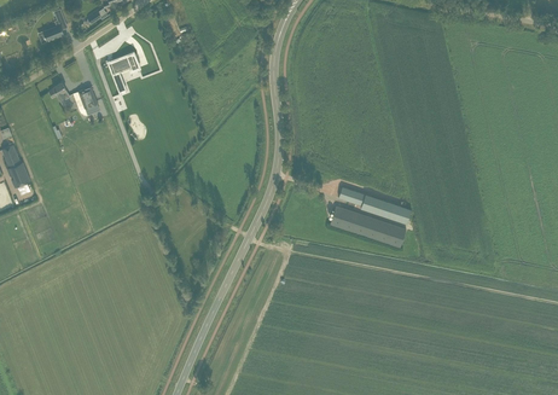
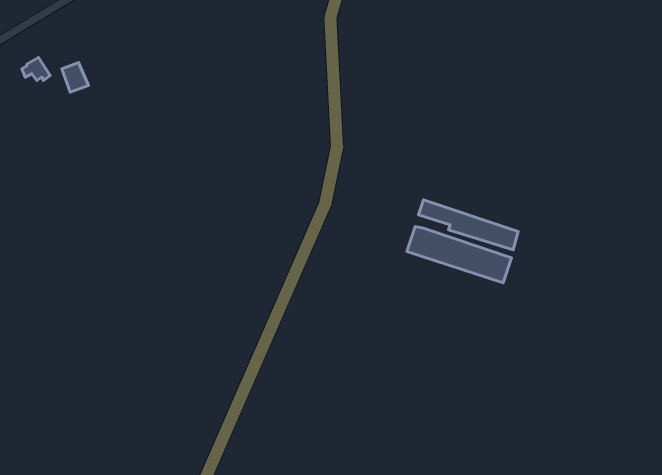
building: [106,51,140,92] -> none

